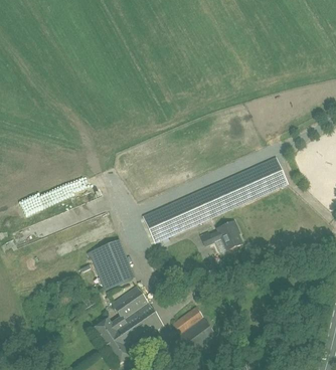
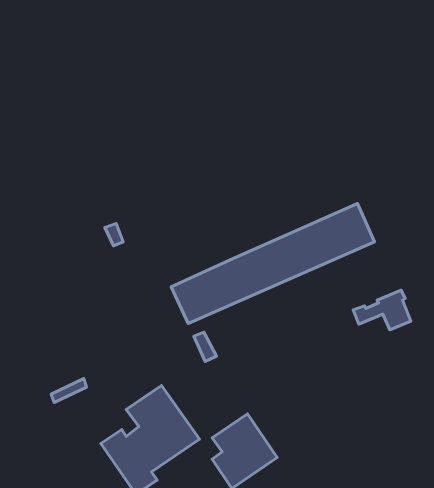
building: [199,220,240,248] -> [353,290,411,330]
building: [89,240,134,290] -> none

